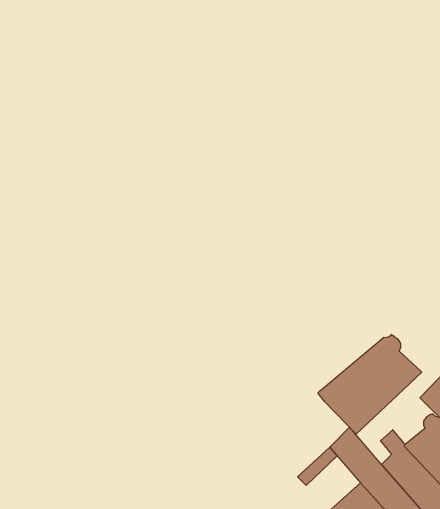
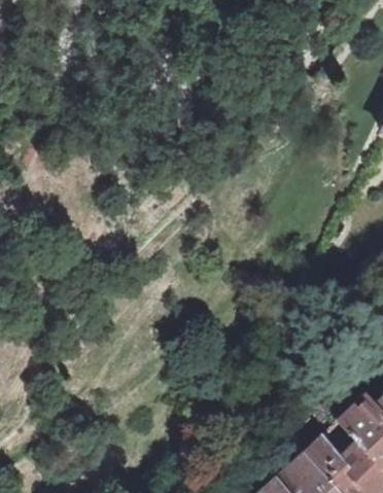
building: [318,334,422,434] -> none

